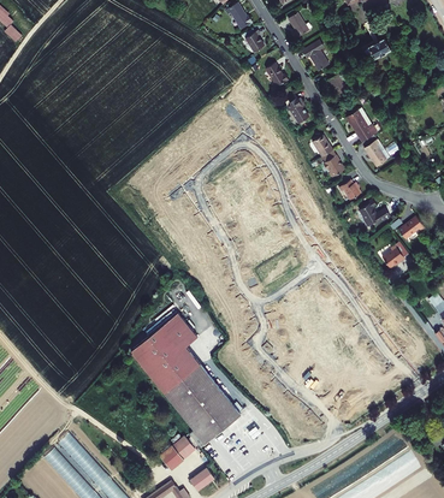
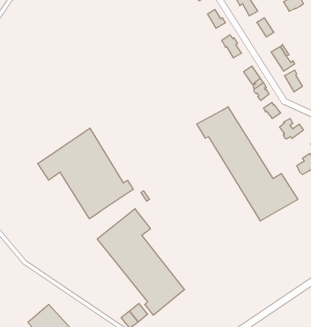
building: none -> [197,107,298,221]
building: none -> [38,128,133,219]

